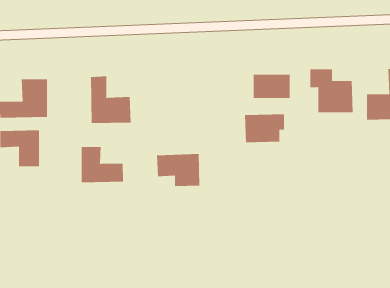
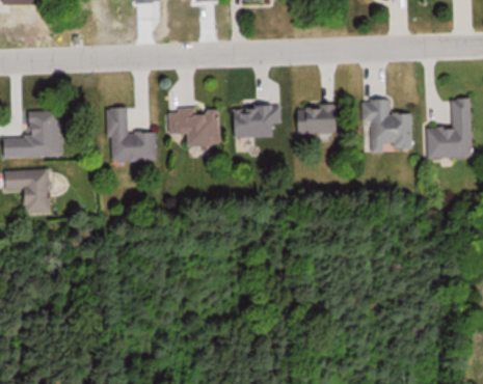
building: [244,114,285,143] -> [233,104,279,137]
building: [81,146,124,183] -> none
building: [156,153,200,187] -> [168,107,219,145]

